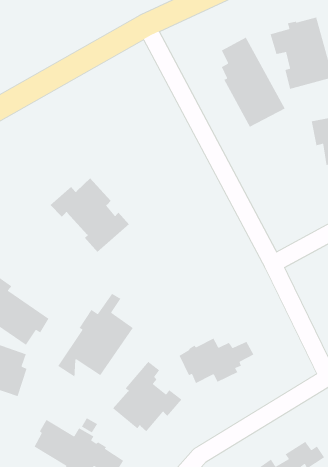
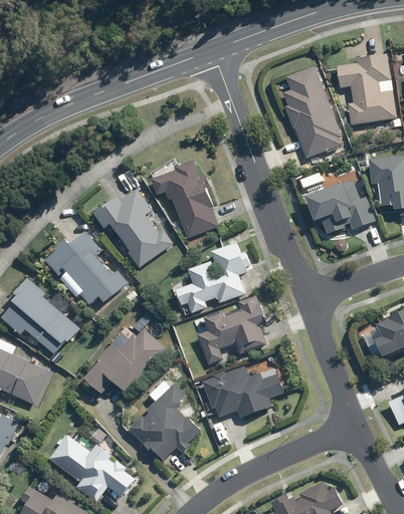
building: none -> [304,178,374,234]
building: none -> [149,161,217,238]
building: none -> [179,243,251,310]
building: none -> [44,227,128,306]
building: none -> [203,298,266,361]

